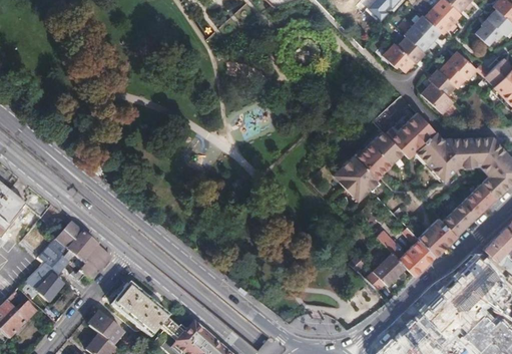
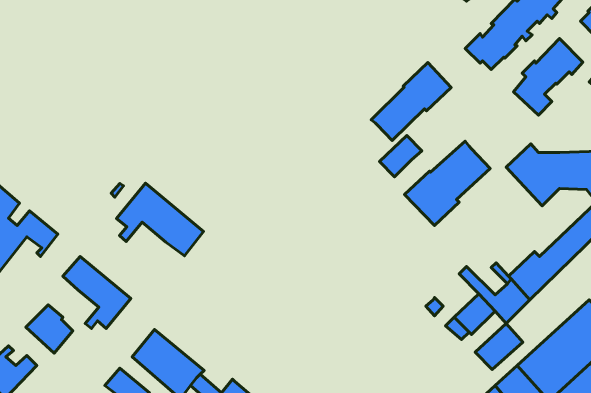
building: none -> [371,63,451,140]
building: [385,112,435,157] -> none
building: none -> [380,136,422,177]
building: none -> [117,183,204,256]
building: [39,239,68,275] -> none
building: none -> [475,323,523,369]

